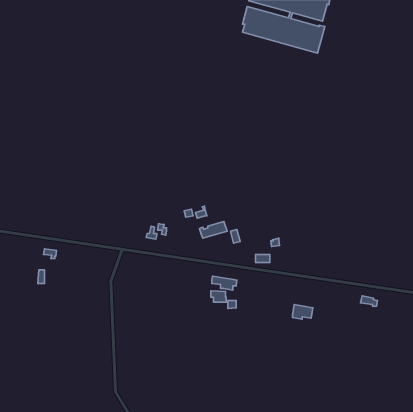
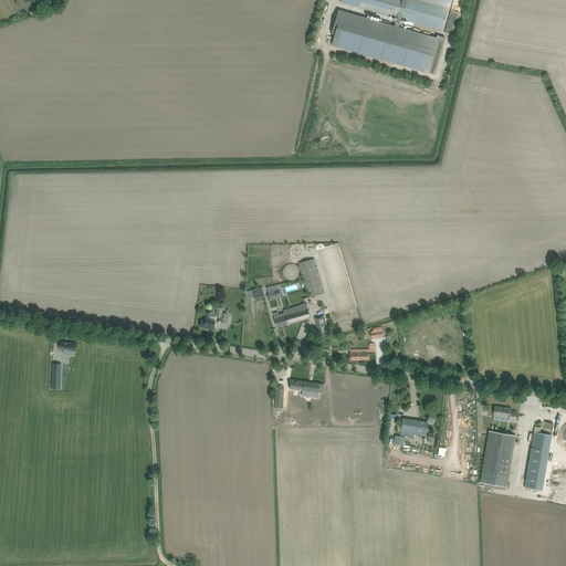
building: none -> [298,258,324,296]
building: none -> [480,430,515,489]
building: none -> [524,431,552,490]

